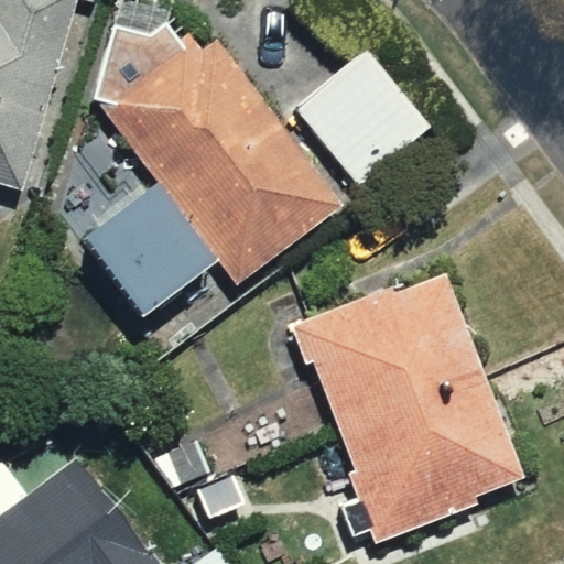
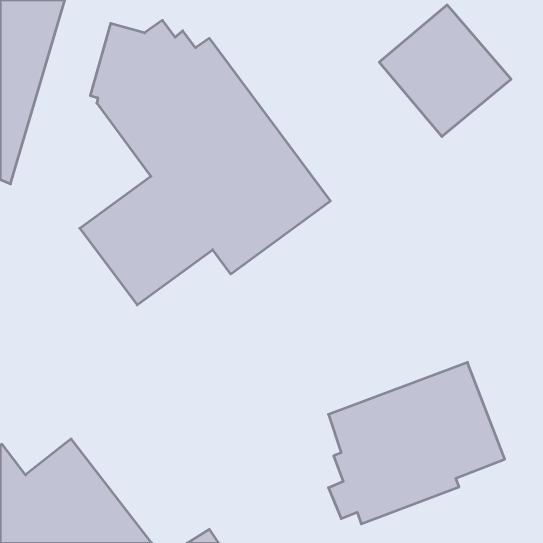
building: [295,51,432,187] -> [379,5,511,137]
building: [291,275,485,430] -> none

